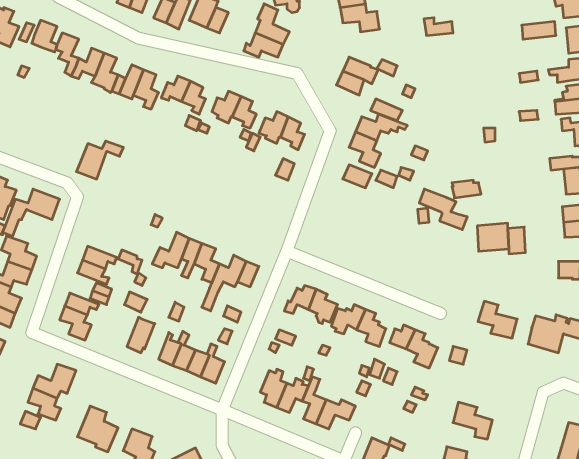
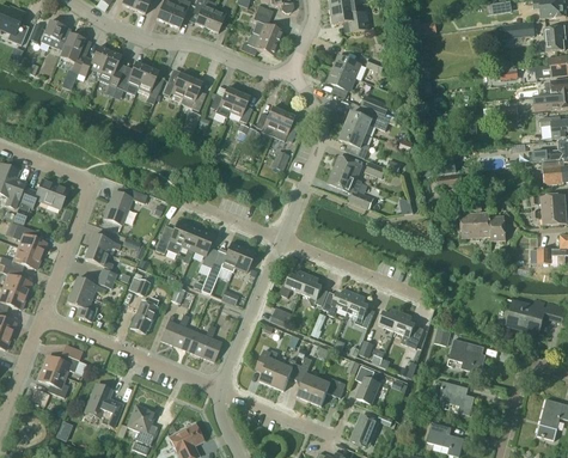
building: [76,141,123,179] -> [103,189,147,225]
building: [419,189,467,230] -> [329,170,374,208]
building: [478,301,517,338] -> [448,338,485,373]
building: none -> [355,366,380,404]

